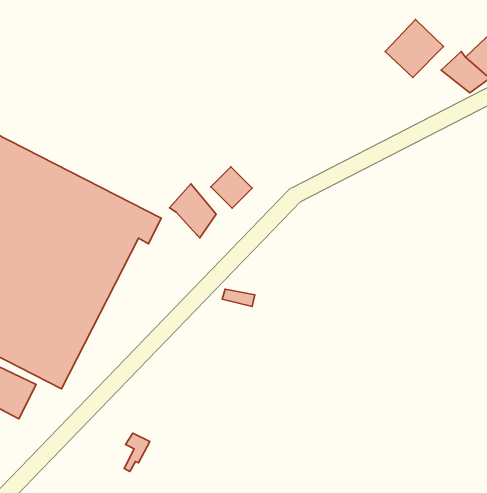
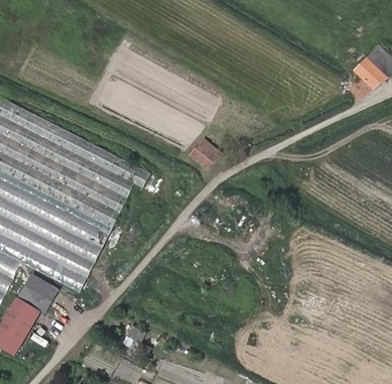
building: [385,19,444,77] -> none
building: [170,184,216,238] -> none

